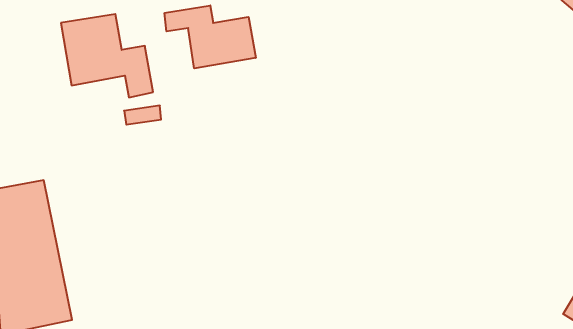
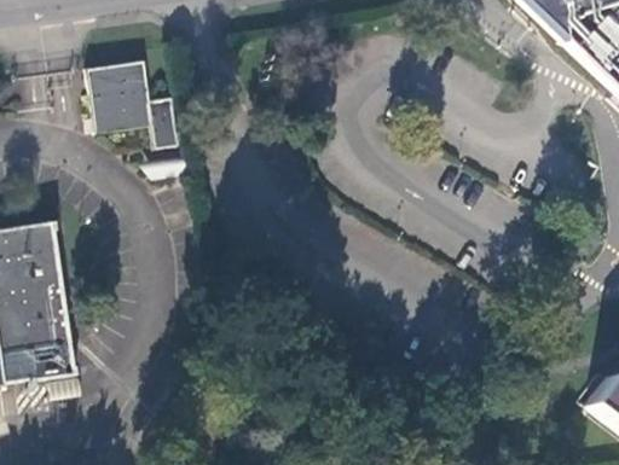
building: [165,5,256,68] -> none

